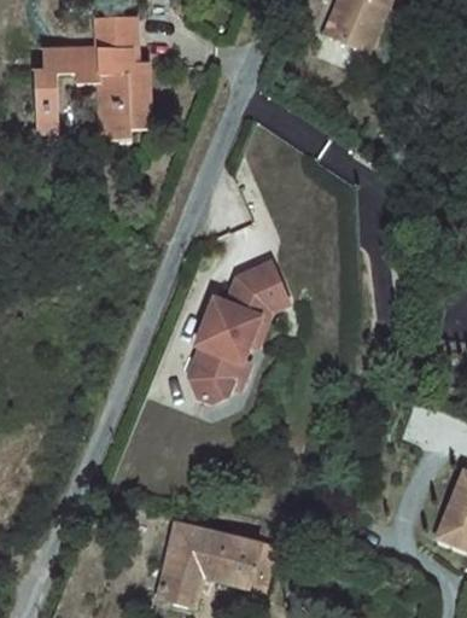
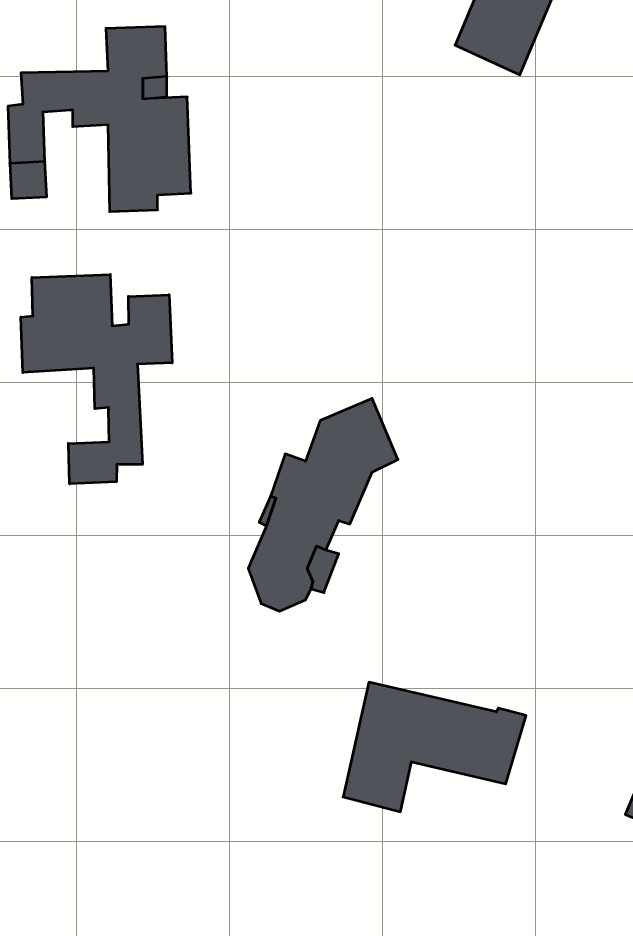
building: none -> [21,274,172,484]
building: [157,523,276,607] -> [343,682,526,812]

